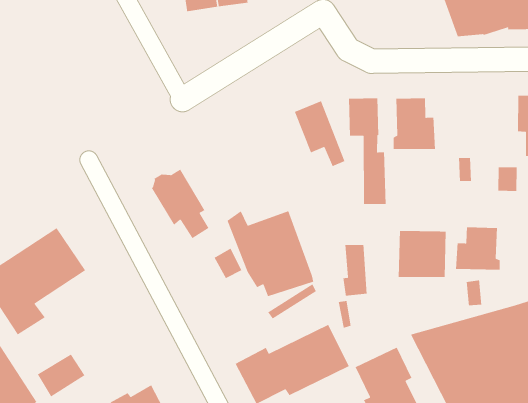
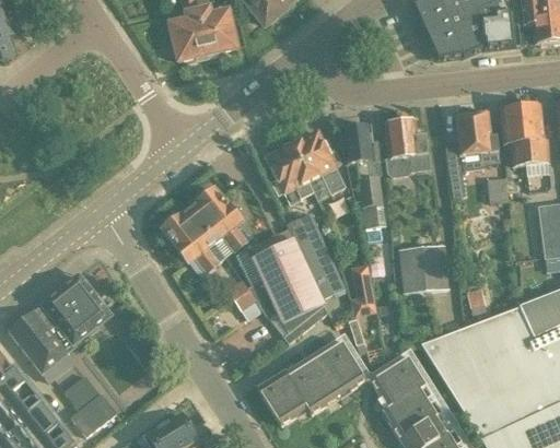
building: none -> [456,113,498,162]
building: none -> [265,144,315,204]
building: none -> [188,188,246,251]
building: none -> [288,211,345,297]
building: [455,227,501,270] -> none
building: none -> [63,373,97,406]

